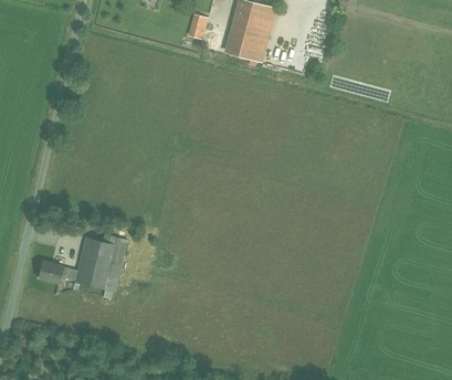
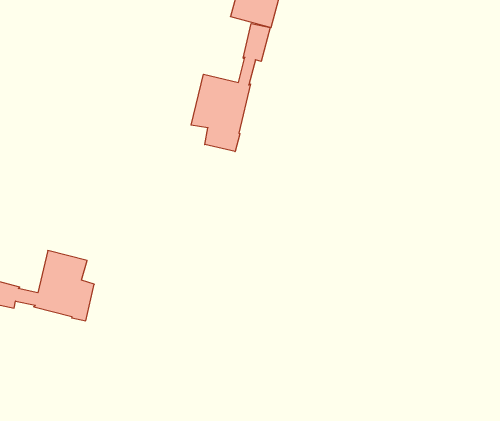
building: none -> [191,24,270,152]

